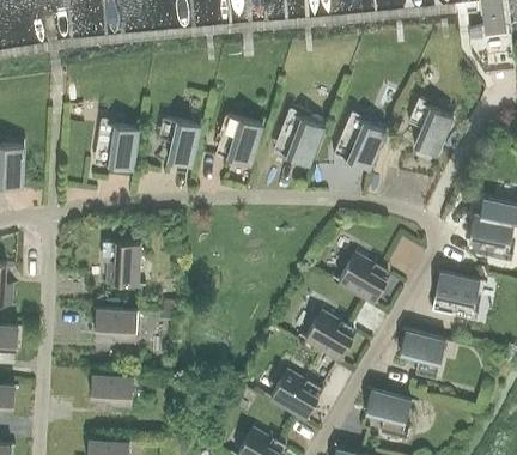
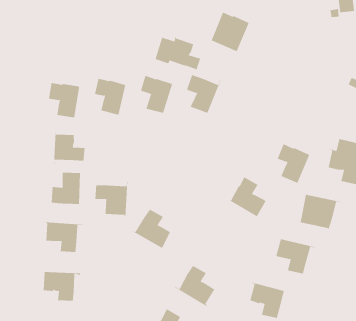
building: none -> [155,36,201,70]
building: [409,102,456,158] -> [277,144,312,186]
building: [335,116,389,172] -> [211,12,251,54]
building: none -> [54,132,85,165]
building: none -> [95,181,128,217]
building: [299,307,353,360] -> [130,209,171,249]

